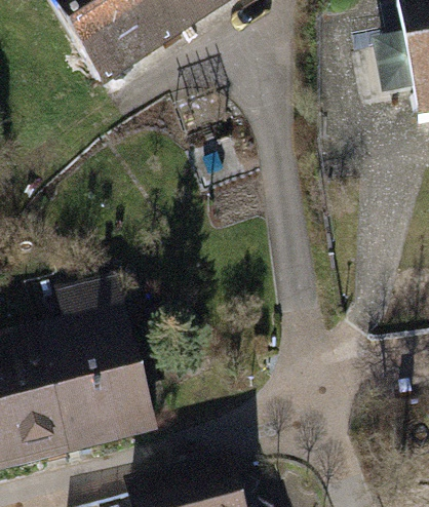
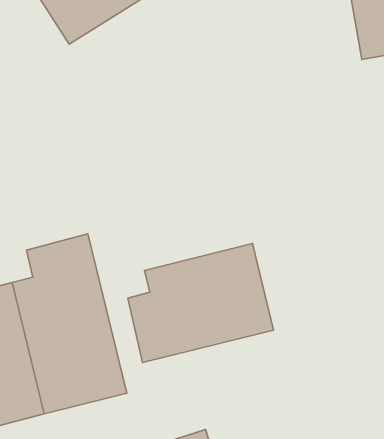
building: none -> [128,243,274,363]

